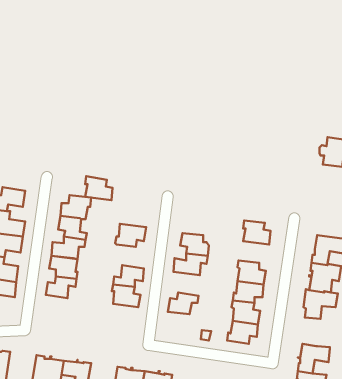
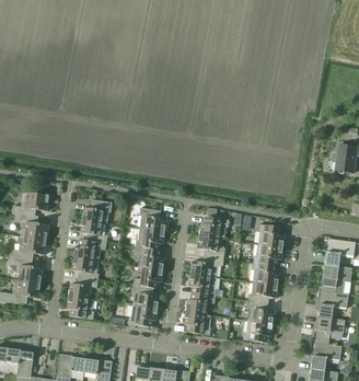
building: [85,176,113,200] -> [140,208,166,231]
building: none -> [200,217,230,240]
building: none -> [254,244,283,265]
building: none -> [136,247,165,270]
building: none -> [189,274,217,297]
building: none -> [68,296,94,320]
building: none -> [128,304,158,327]
building: none -> [185,312,211,335]
building: none -> [315,318,346,345]

